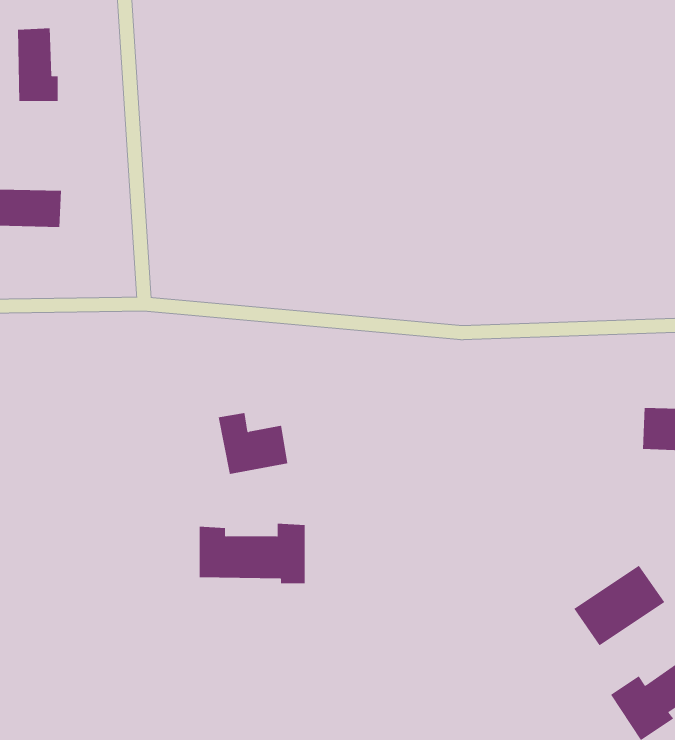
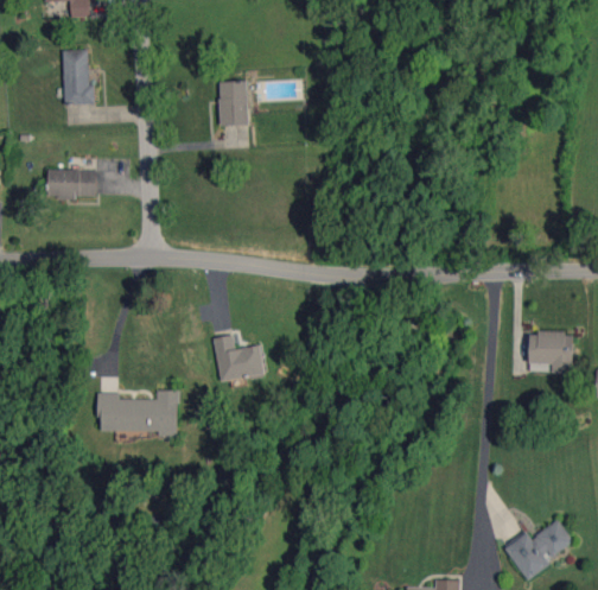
building: none -> [220,81,248,125]
building: [199,523,306,584] -> [98,389,178,434]
building: [573,565,665,646] -> none

